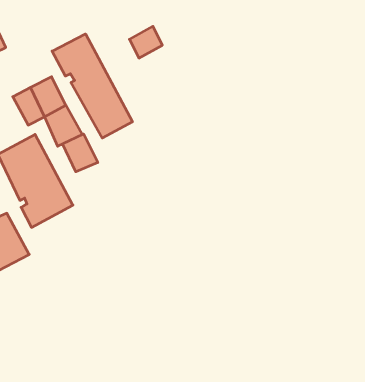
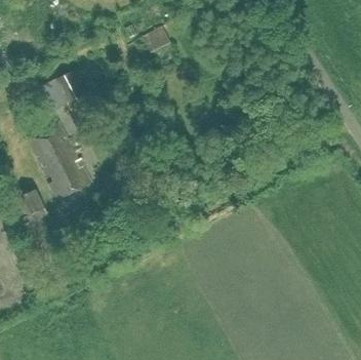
building: [52,34,132,138] -> none
building: [63,134,98,172] -> none

